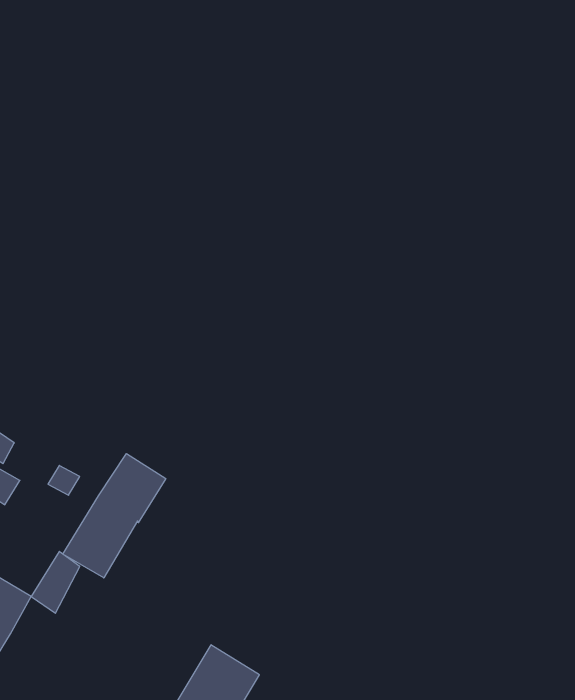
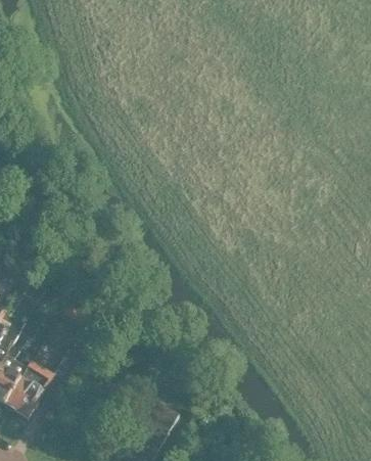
building: [63,454,166,578] -> none

